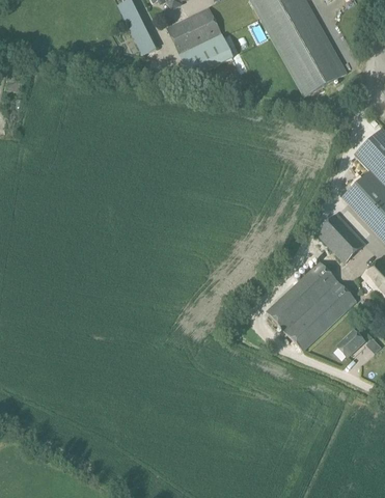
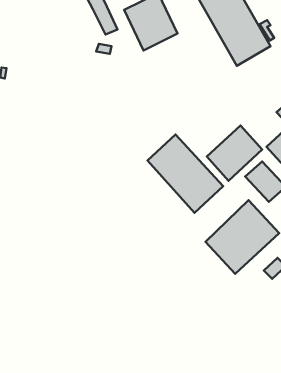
building: none -> [207,125,262,181]
building: none -> [147,134,223,213]

